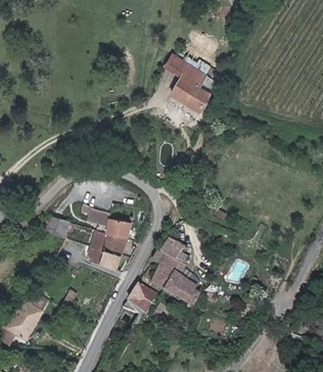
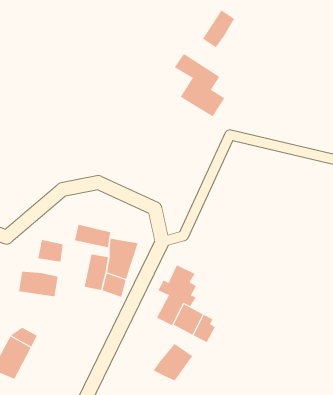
building: none -> [202,10,235,48]
building: none -> [19,271,58,297]
building: [124,282,158,315] -> [153,343,193,381]

